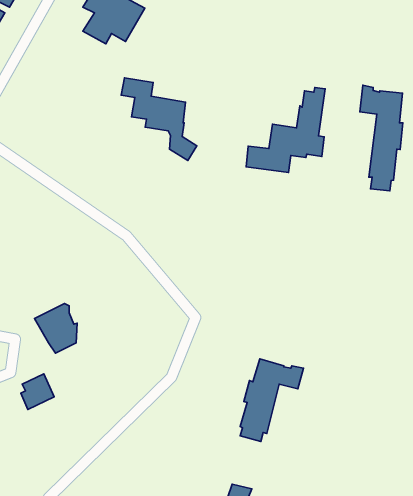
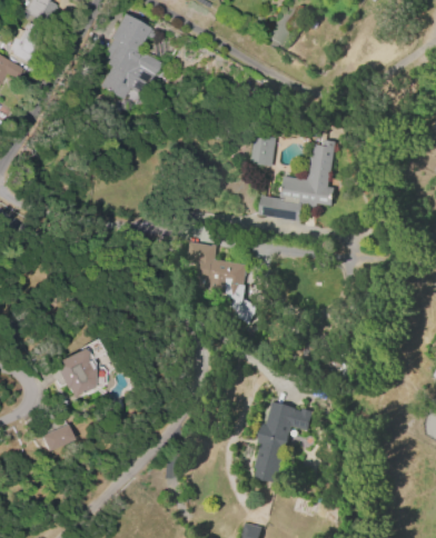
building: [121,78,197,161] -> [182,242,256,322]
building: none -> [250,133,276,167]
building: [360,85,403,191] -> none

